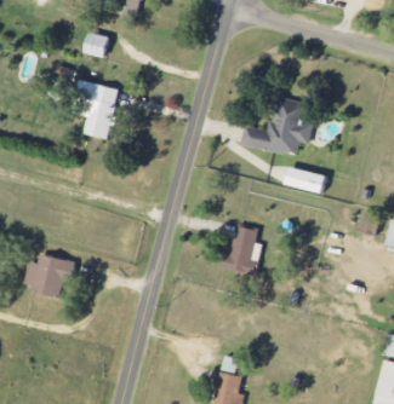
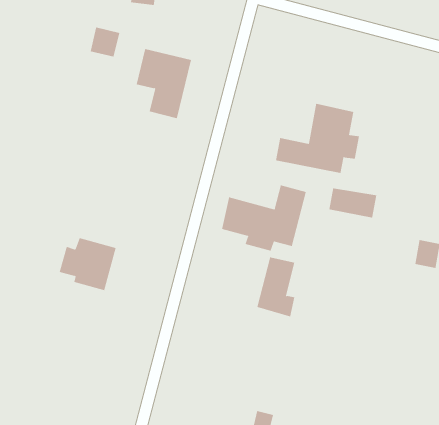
building: [72,79,119,138] -> [136,48,192,119]
building: none -> [222,185,306,251]
building: [23,253,72,298] -> [59,238,116,291]

